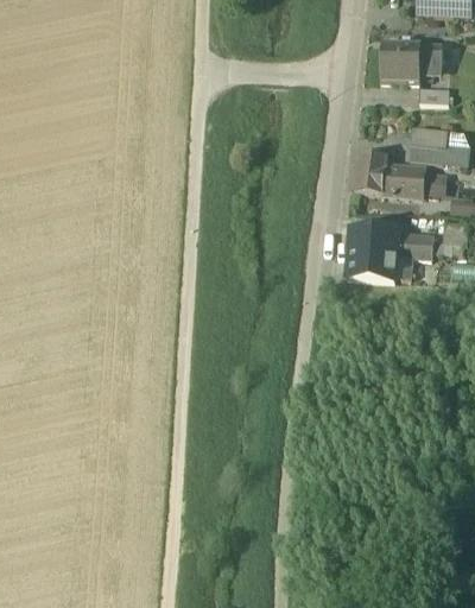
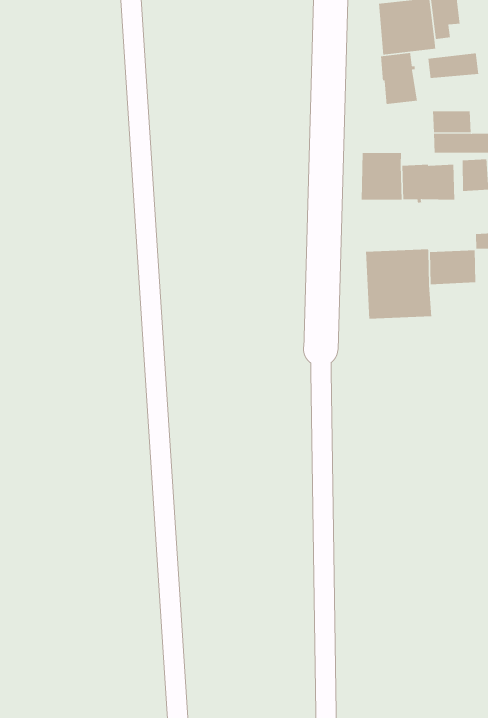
building: none -> [380,52,418,105]

